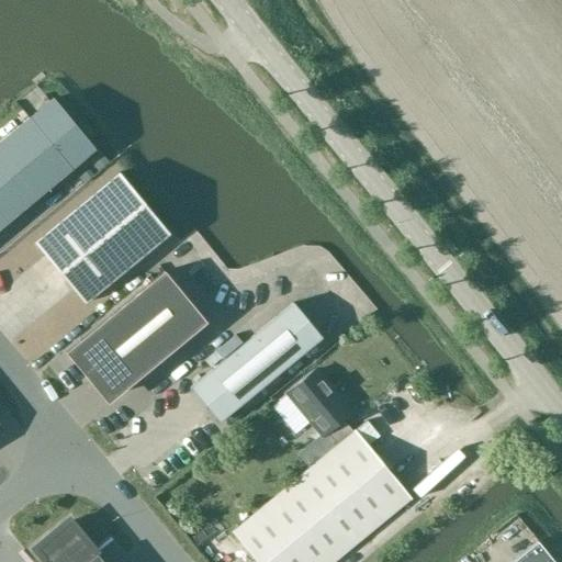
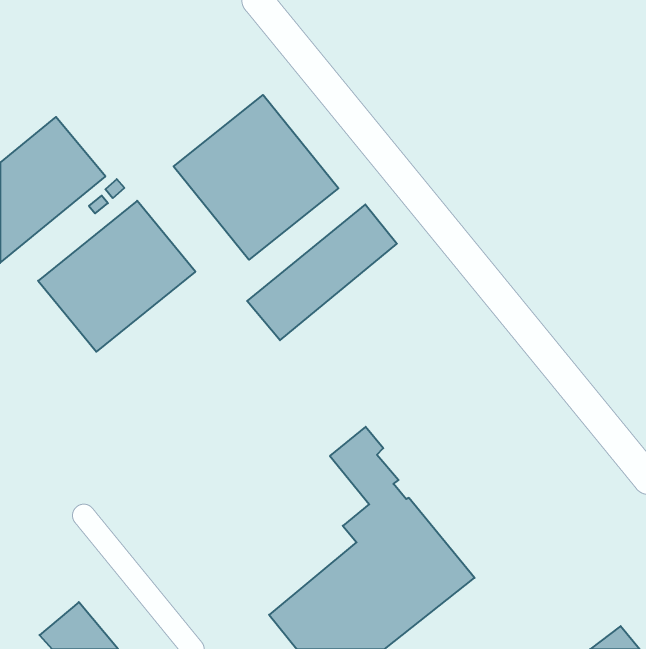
building: none -> [174,95,338,260]
building: [68,272,207,393] -> none
building: [192,304,322,422] -> [247,204,397,340]

